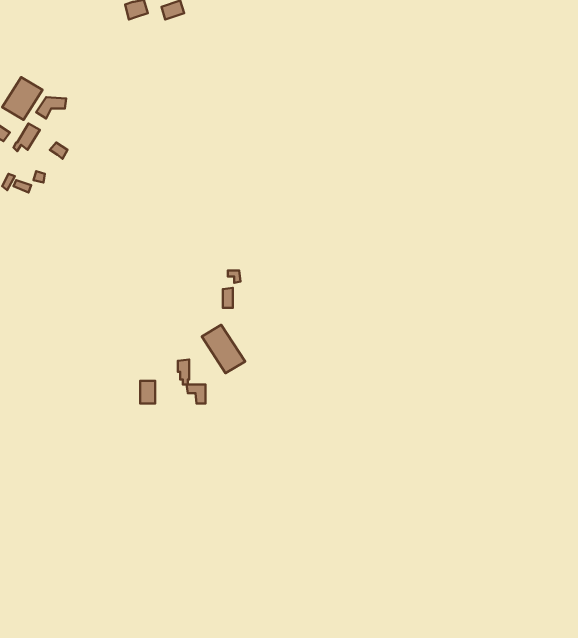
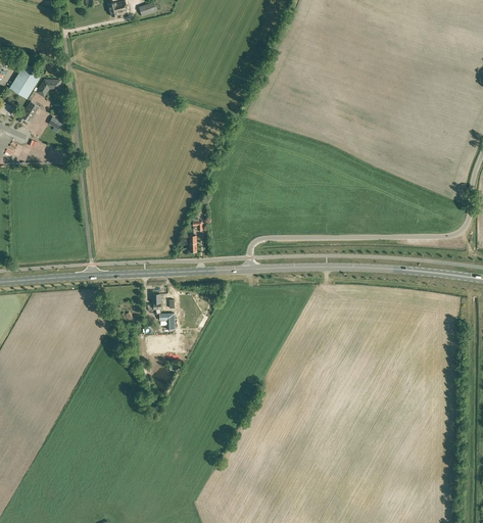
building: [202,325,245,373] -> none

